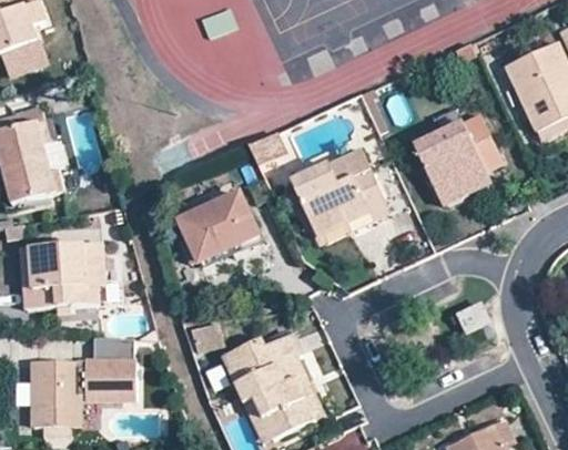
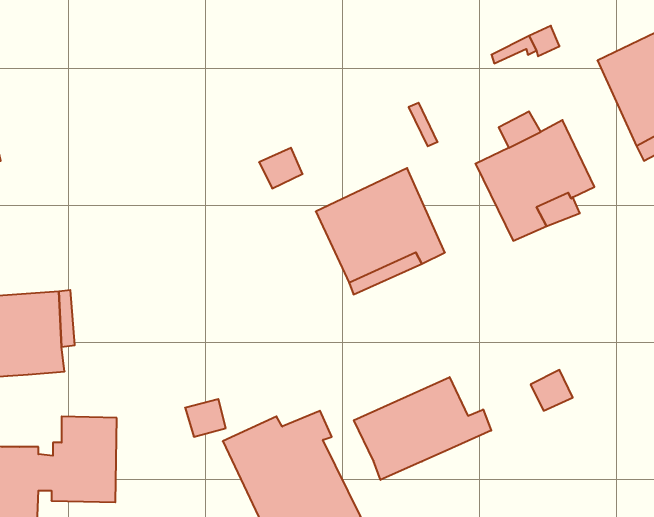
building: [174,194,256,263] -> none
building: none -> [354,377,491,480]

